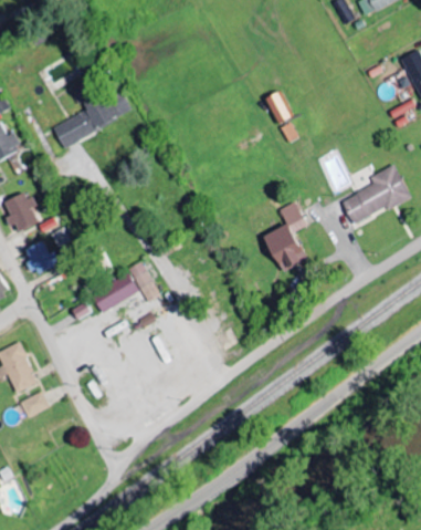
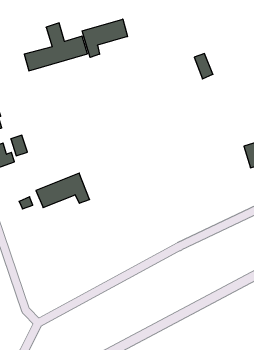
building: none -> [82,19,127,57]
building: [265,201,308,271] -> none

